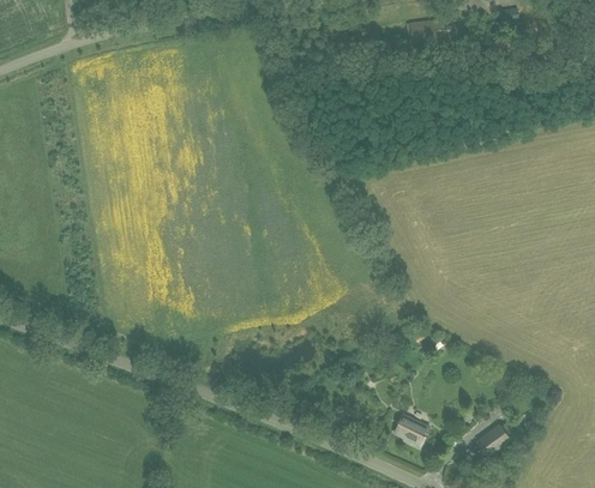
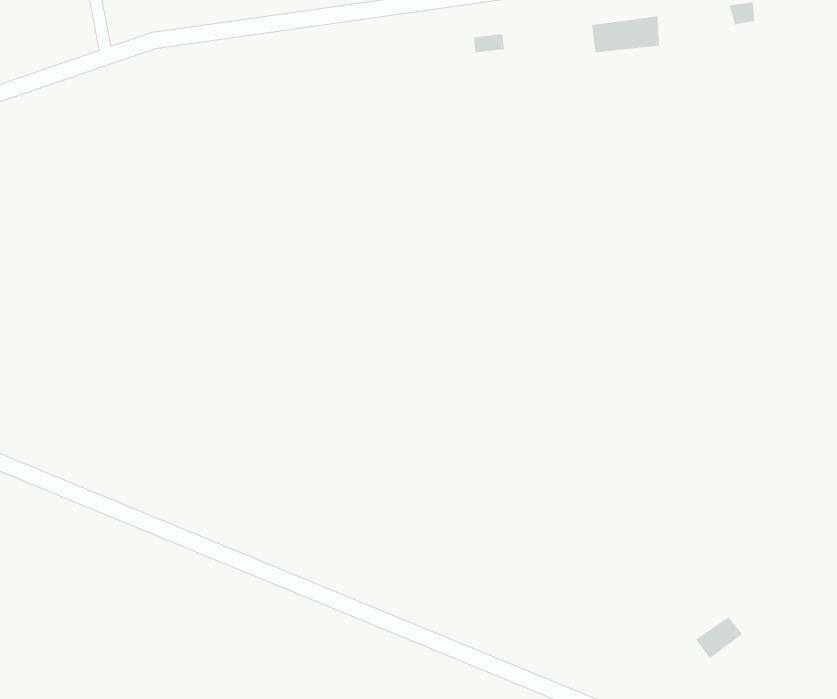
building: [393,414,429,445] -> none

